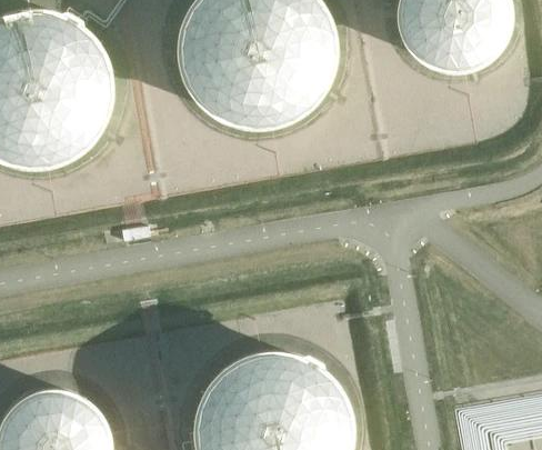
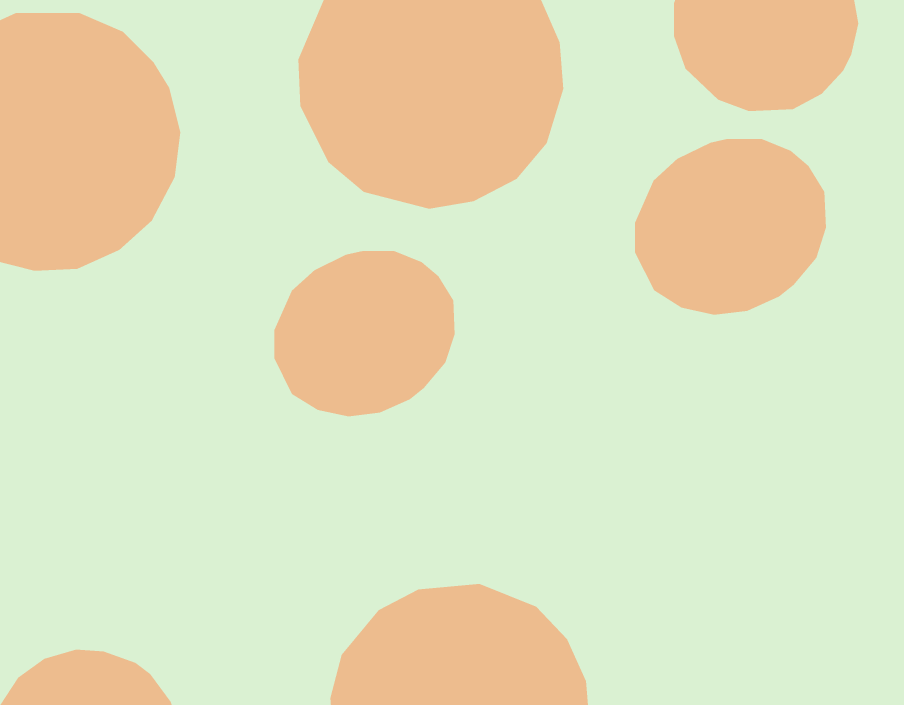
building: none -> [634,138,827,315]
building: none -> [273,250,456,417]

